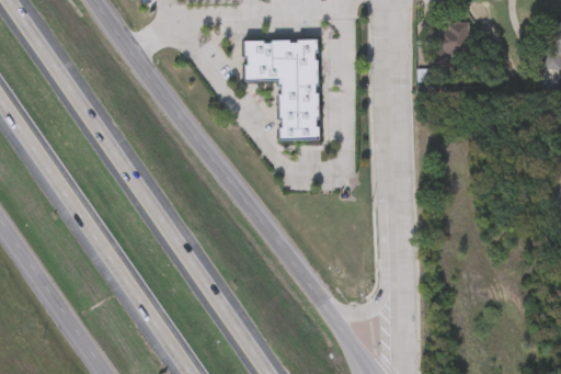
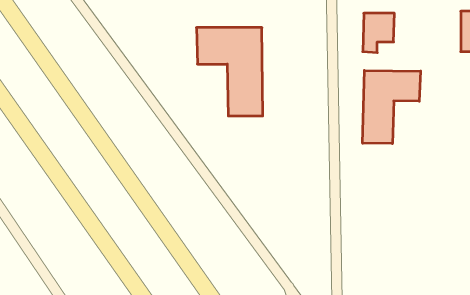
building: none -> [363,70,421,144]

